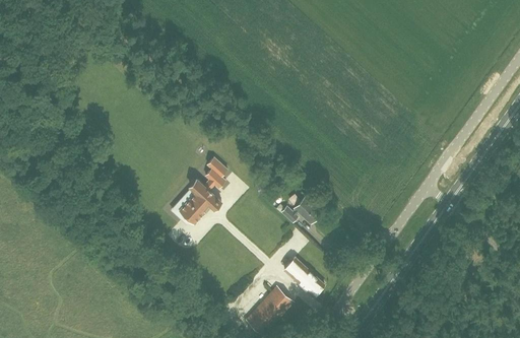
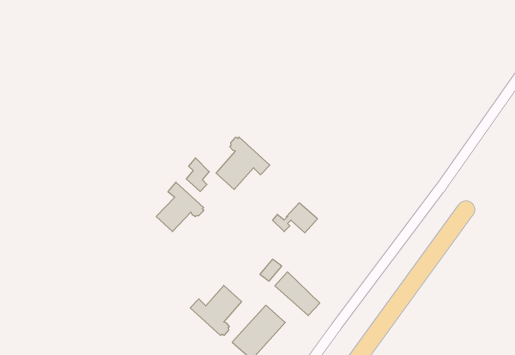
building: none -> [216,137,270,189]
building: none -> [190,285,242,335]

